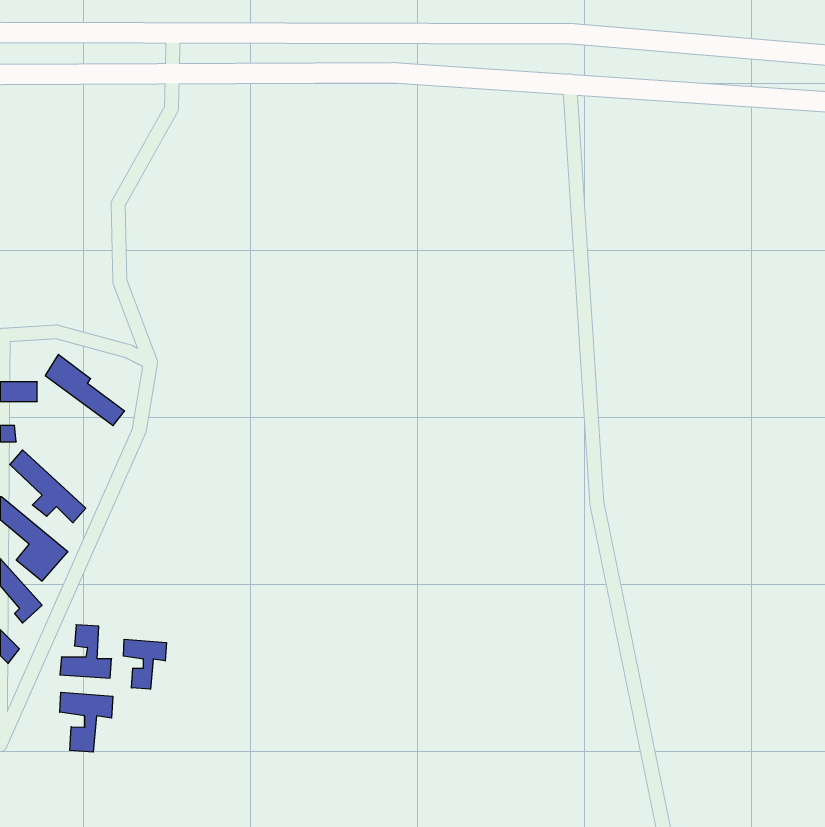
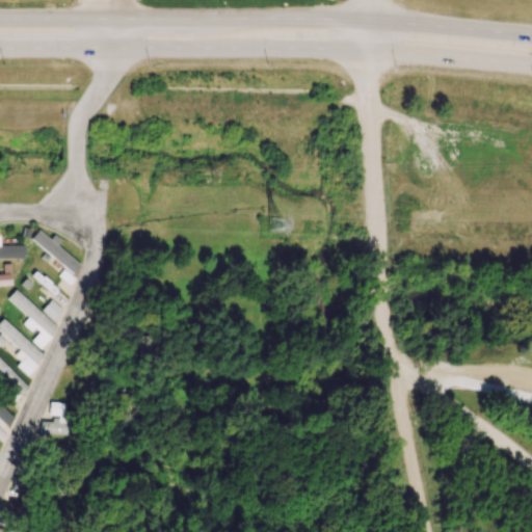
building: [123,639,166,689] -> none
building: [60,692,113,752] -> none

